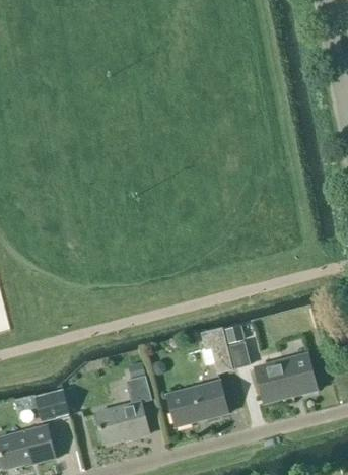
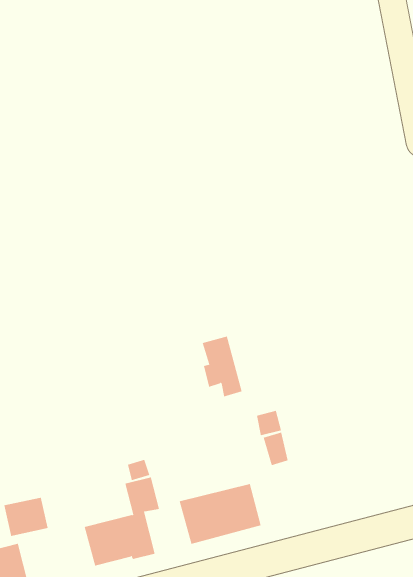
building: [201,327,231,372] -> [202,336,242,397]
building: [255,353,318,396] -> none

